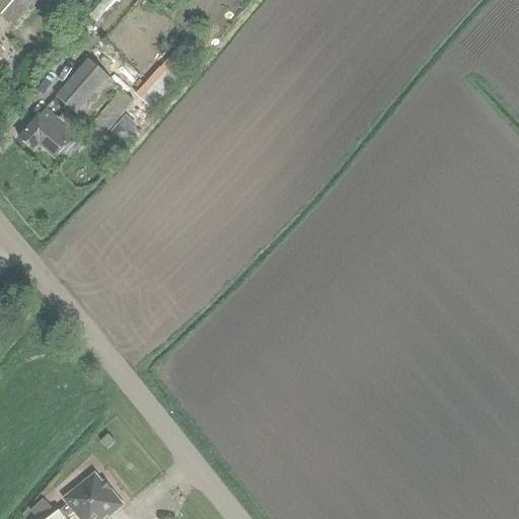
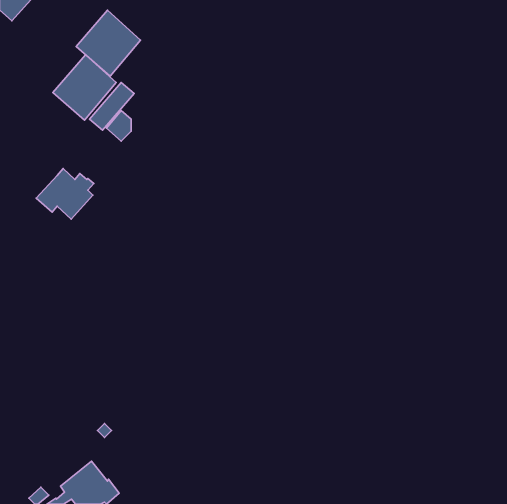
building: none -> [76,10,141,76]
building: [17,105,76,157] -> [36,168,94,219]

